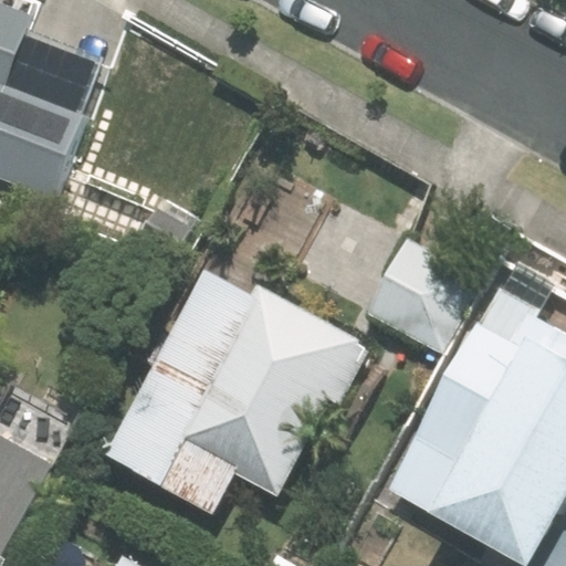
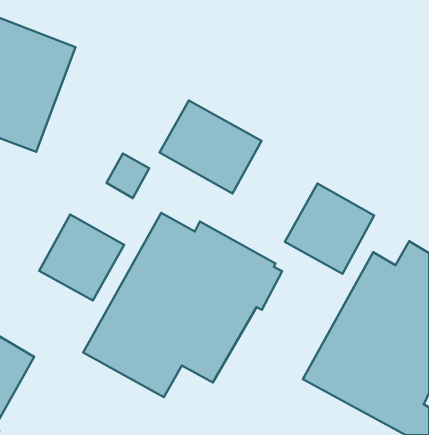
building: none -> [159,101,261,193]
building: none -> [39,215,124,300]

